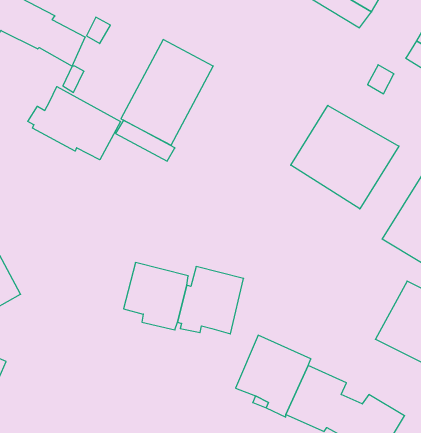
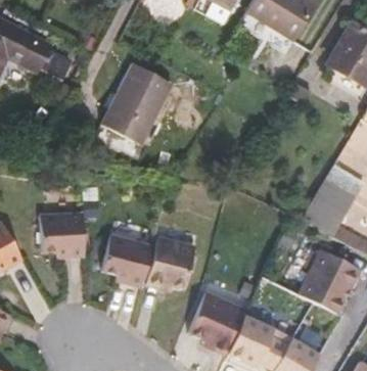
building: [28,87,120,160] -> none
building: [291,105,399,209] -> none
building: none -> [41,211,86,256]

